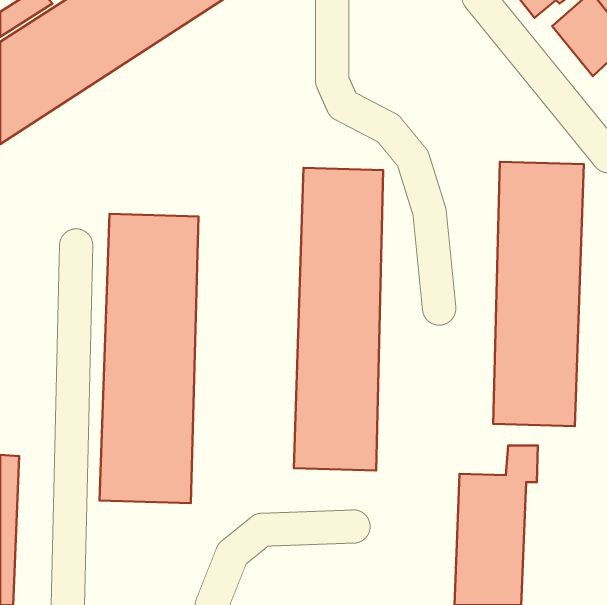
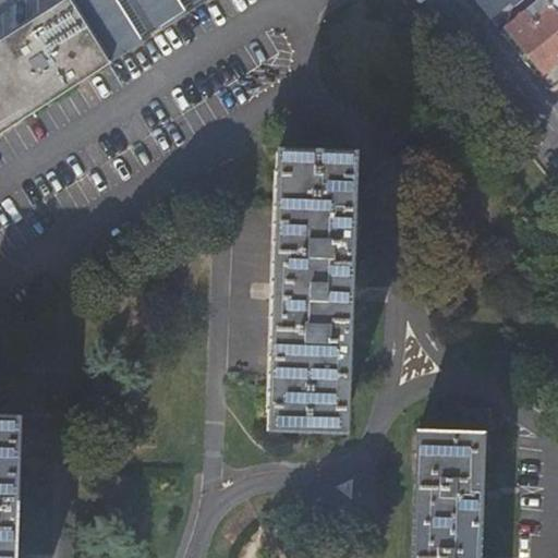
building: [493,162,584,426] -> none
building: [100,214,198,503] -> none

